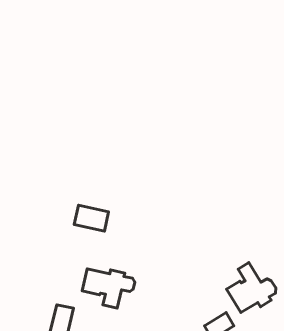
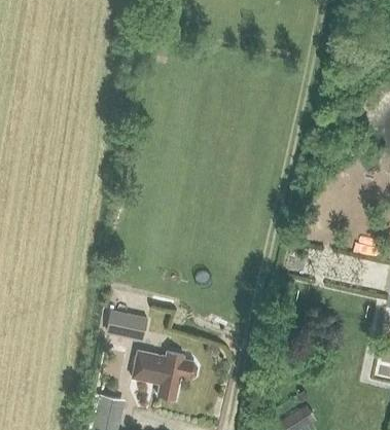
building: [74,205,109,231] -> [106,311,148,343]
building: [227,263,276,313] -> none

